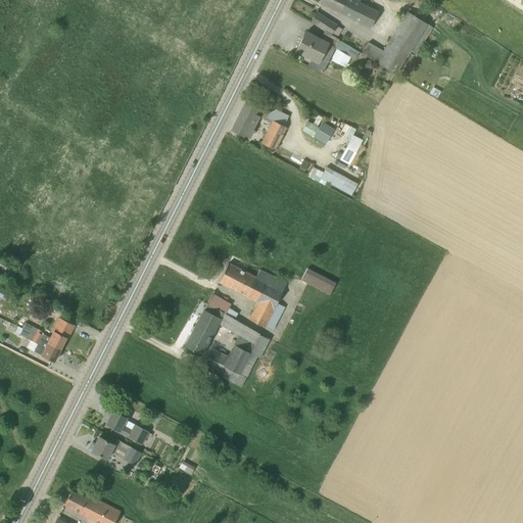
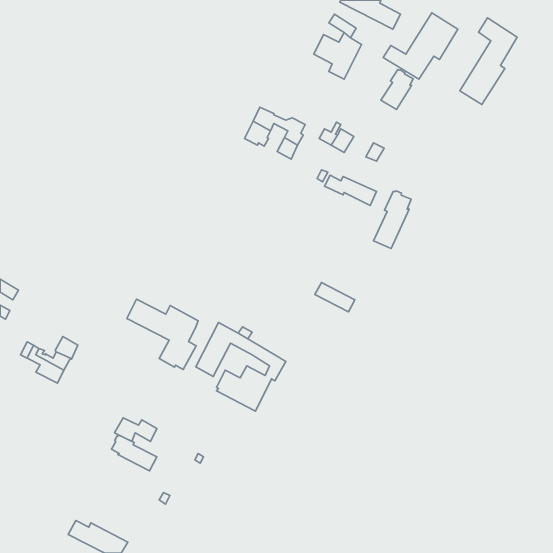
building: none -> [460,18,517,105]
building: none -> [381,70,413,110]
building: none -> [373,191,411,248]
building: [219,264,286,330] -> [127,299,198,369]
building: [91,437,131,460] -> [115,418,157,442]

